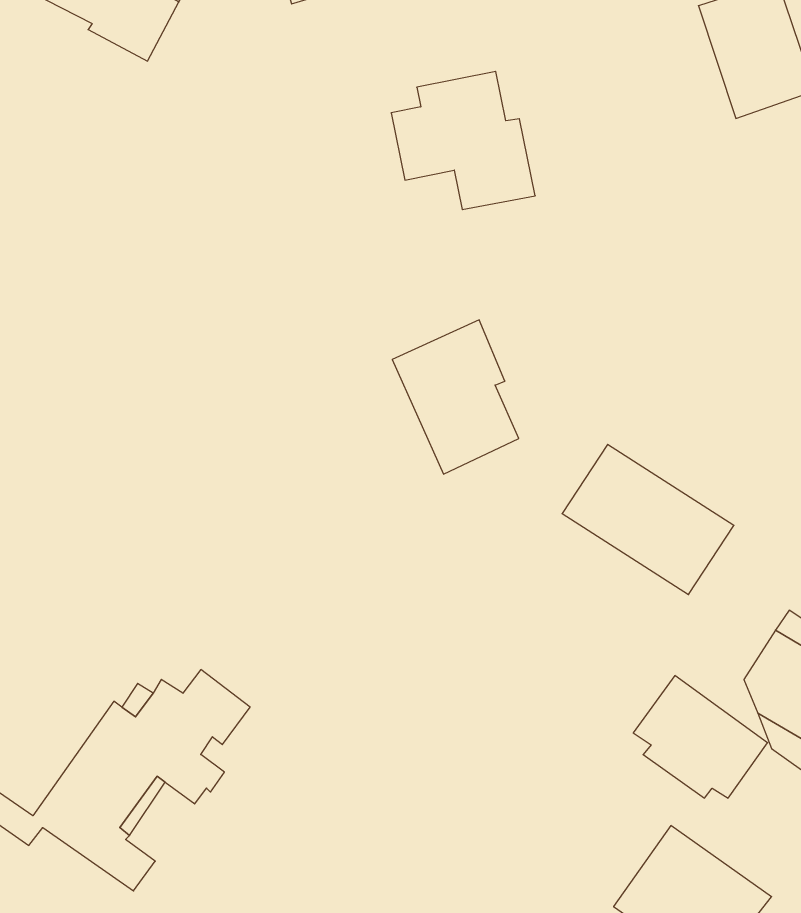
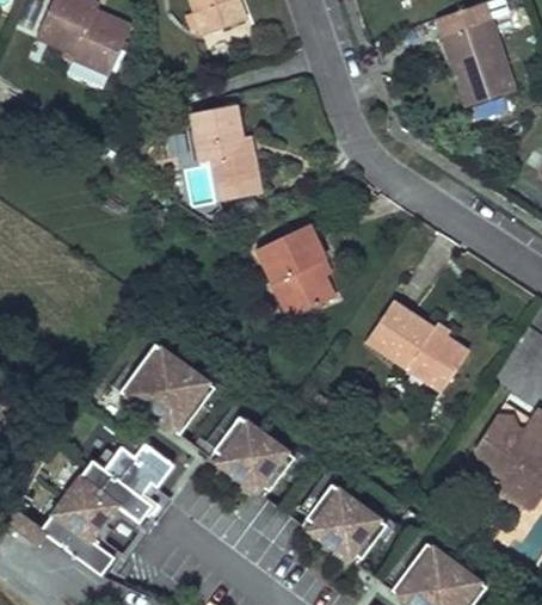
building: [391,71,535,210] -> [175,103,263,186]
building: none -> [118,340,214,432]
building: none -> [213,413,294,487]
building: [633,676,768,798] -> [306,479,387,552]

